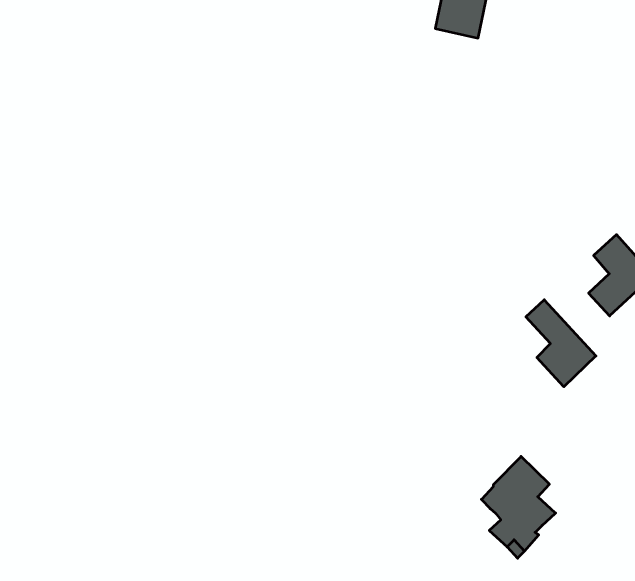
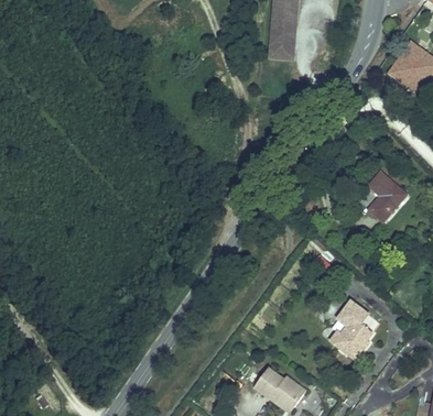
building: [526,300,596,387] -> none

